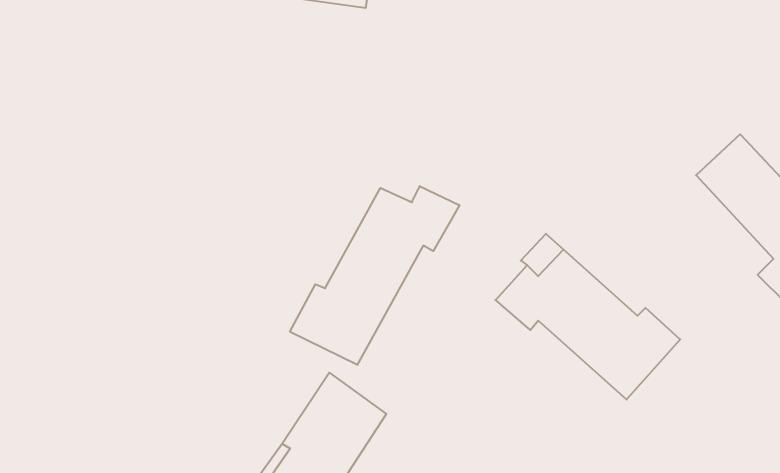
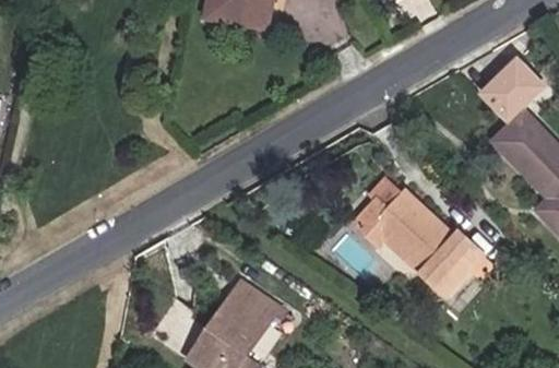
building: none -> [484,61,543,119]
building: [290,186,459,365] -> none

